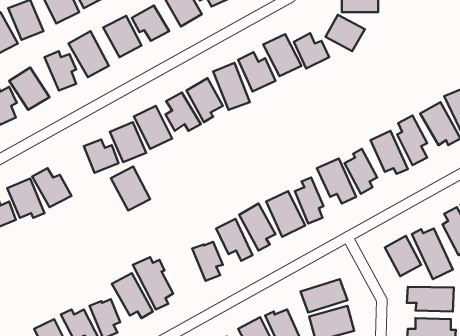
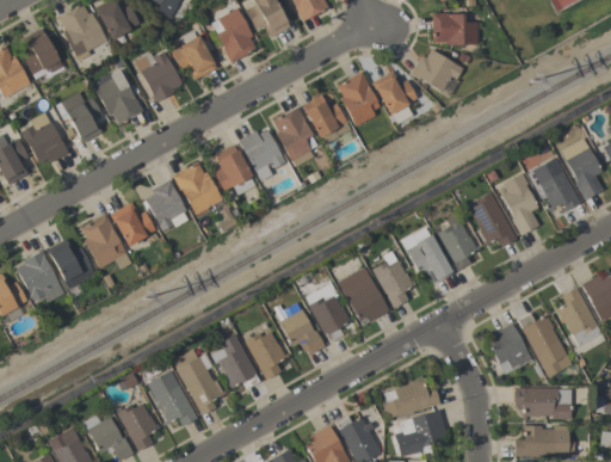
building: [111,167,150,211] -> [79,214,128,269]
building: none -> [214,334,258,388]

